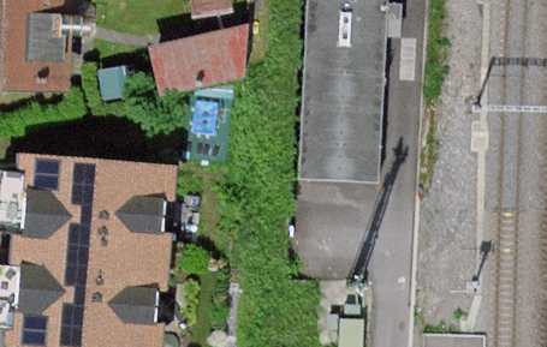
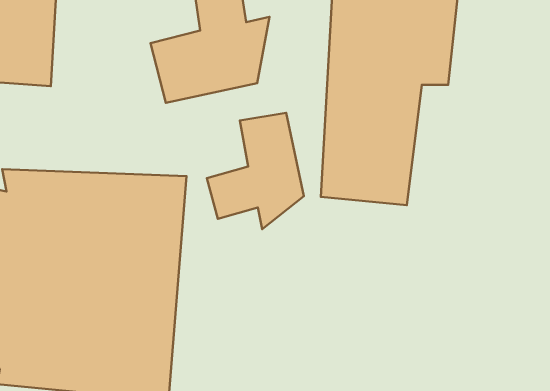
building: none -> [207,113,304,229]

